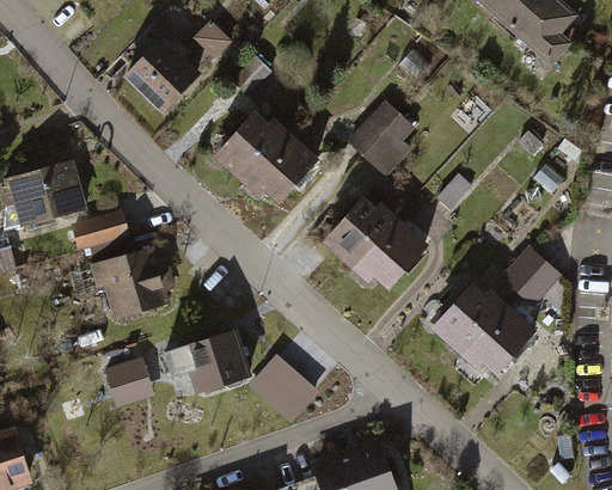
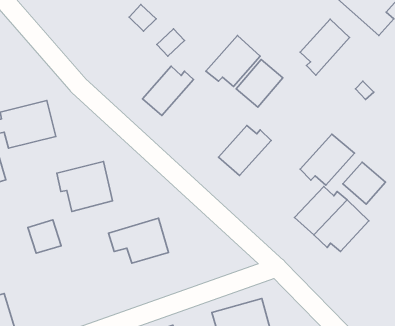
building: [122,35,200,112] -> none
building: none -> [300,19,350,75]
building: [240,129,318,202] -> [206,35,260,86]
building: [71,212,133,253] -> none
building: [351,216,429,289] -> [300,134,354,185]
building: [105,360,153,408] -> [28,220,61,253]
building: [252,360,314,421] -> none

